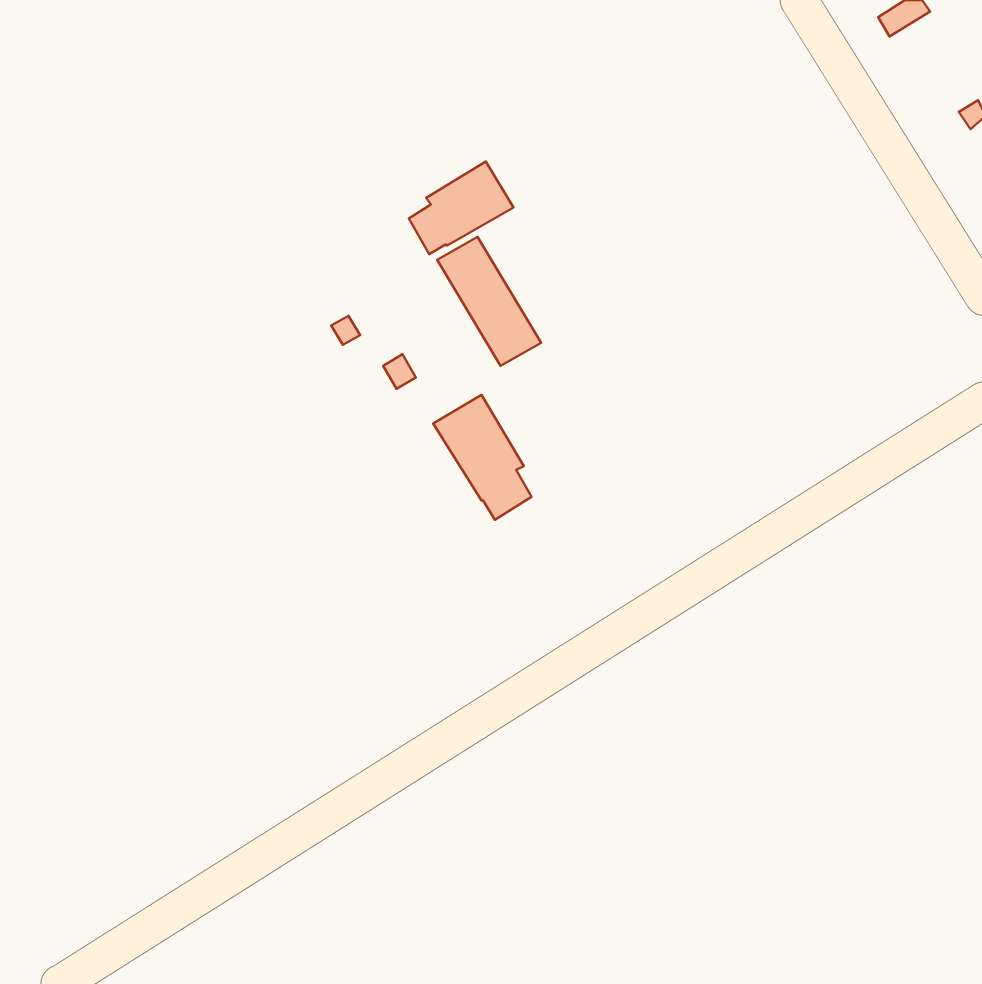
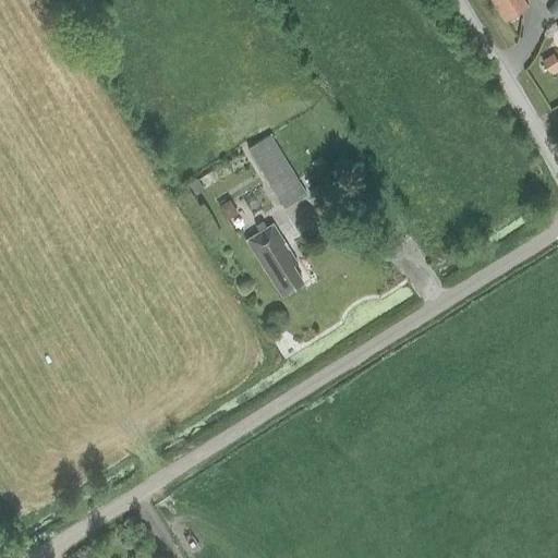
building: [409,162,513,254] -> none

